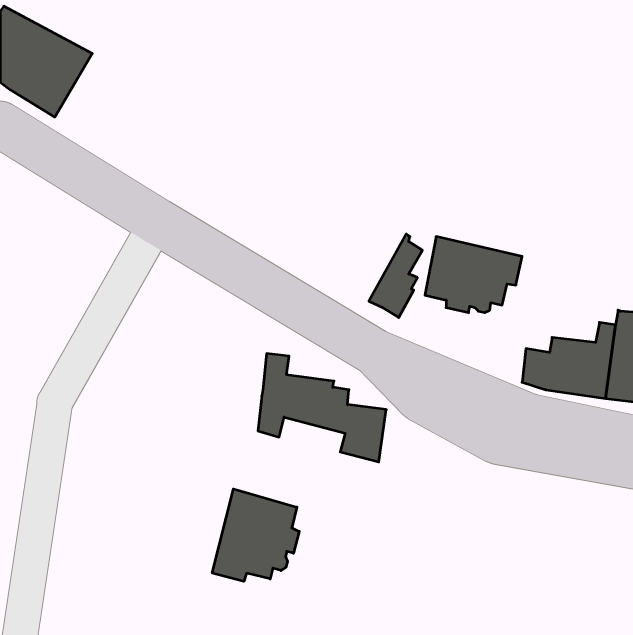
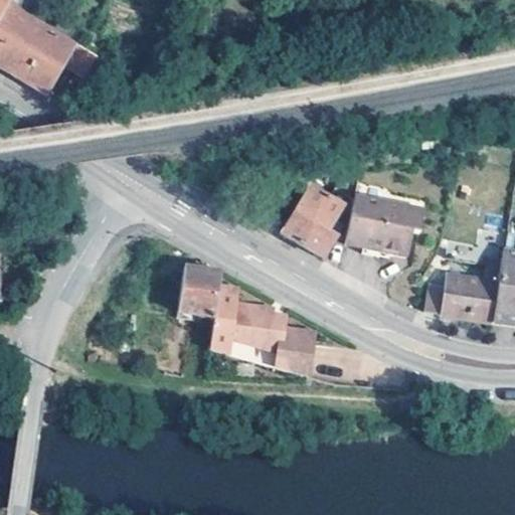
building: none -> [281,185,331,244]
building: none -> [178,267,220,321]
building: [212,489,299,581] -> none

